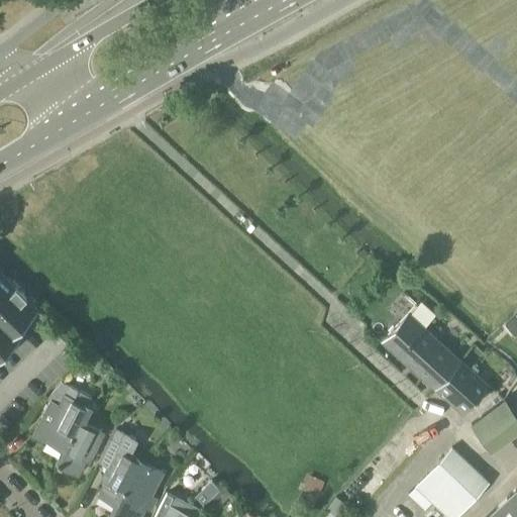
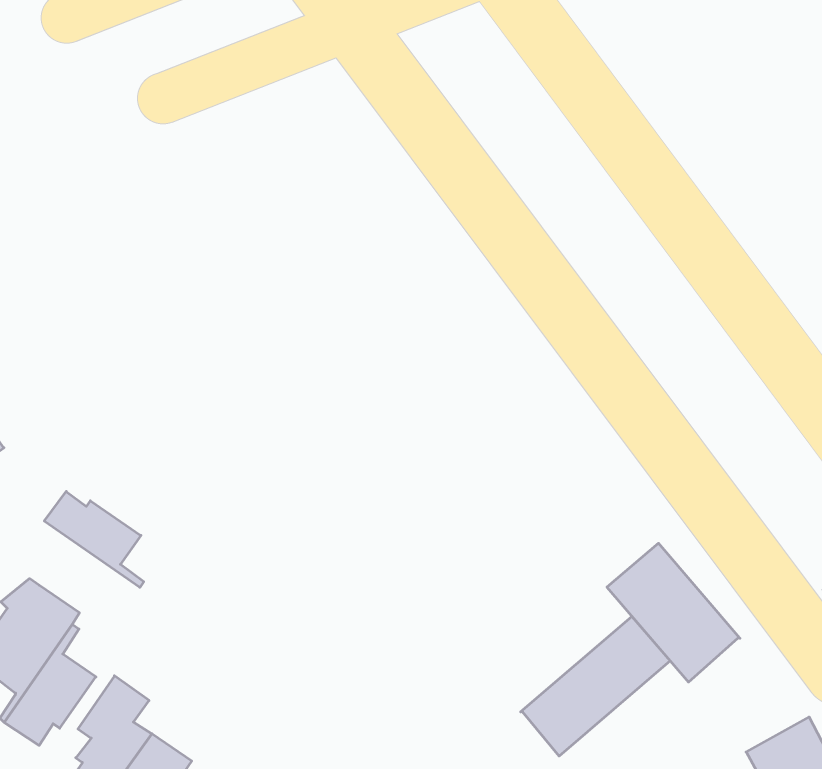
building: none -> [44,491,144,587]
building: none -> [521,617,670,756]
building: [435,363,488,416] -> none

